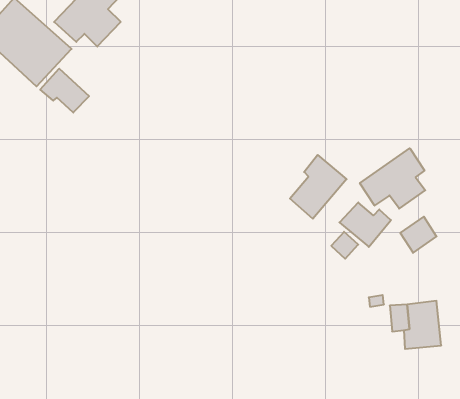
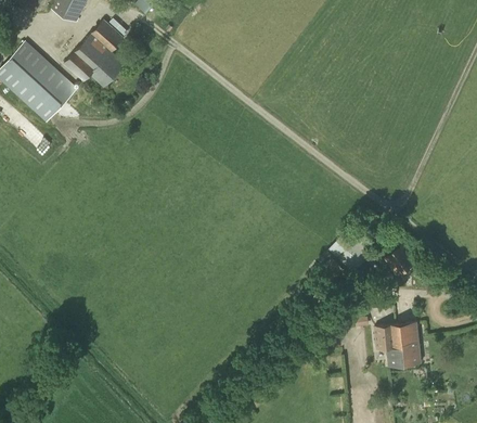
building: [40,69,89,113] -> none
building: [360,148,425,209] -> none
building: [290,155,347,219] -> none

